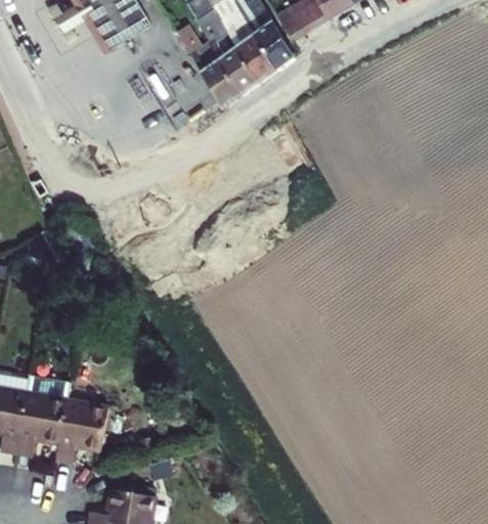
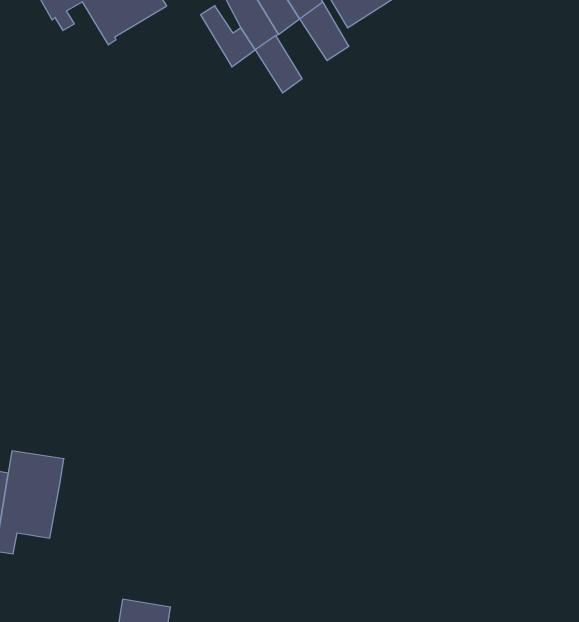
building: [236,35,276,82] -> none
building: [202,59,241,107] -> none
building: [55,399,107,464] -> none

